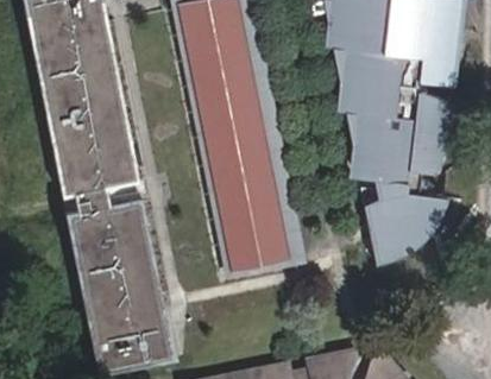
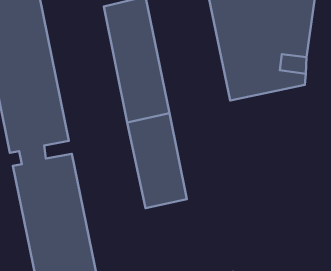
building: [347,112,448,267] -> none

